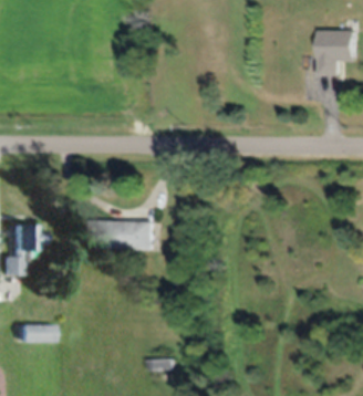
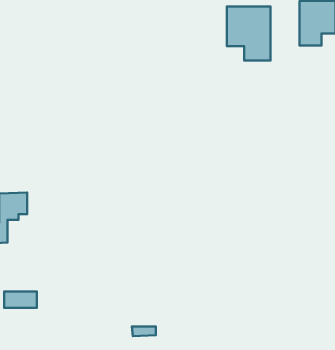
building: none -> [227,6,270,61]
building: [93,220,151,251] -> none

